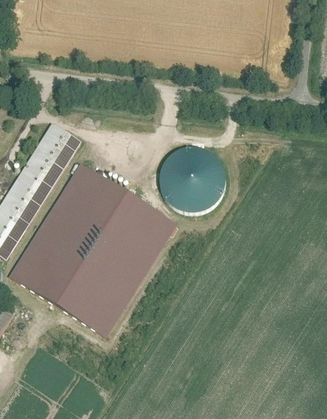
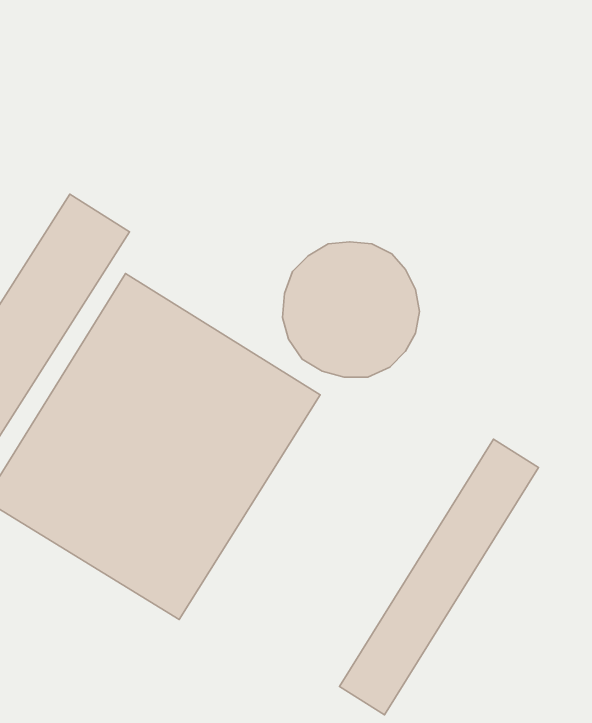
building: none -> [339,439,538,715]

